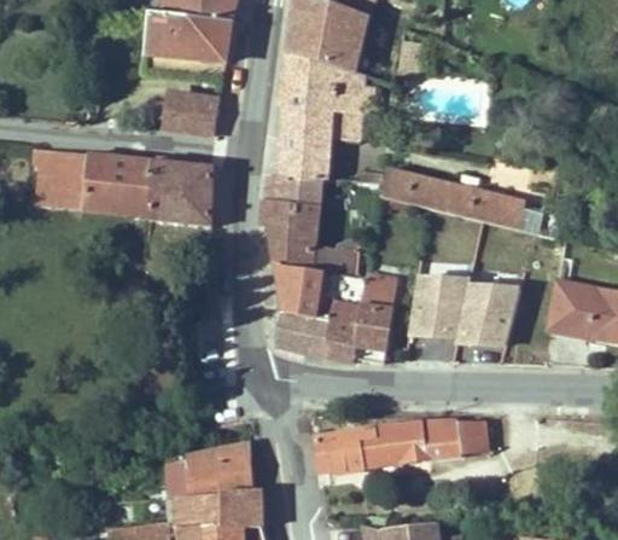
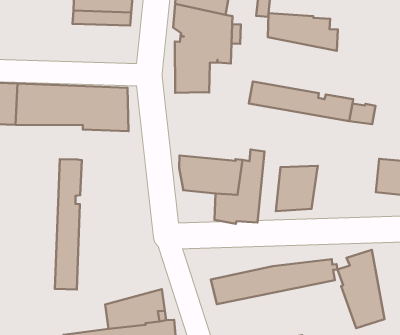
building: none -> [268,13,338,51]
building: [167,92,220,134] -> none
building: [263,174,358,274] -> none
building: none -> [55,159,82,290]
building: [457,292,519,355] -> none
building: [275,309,327,354] -> none
building: none -> [338,250,384,328]

